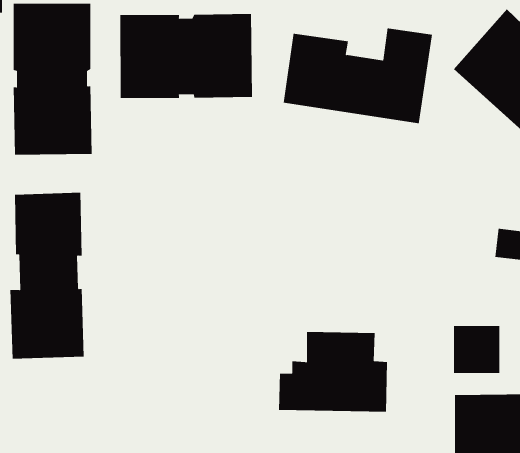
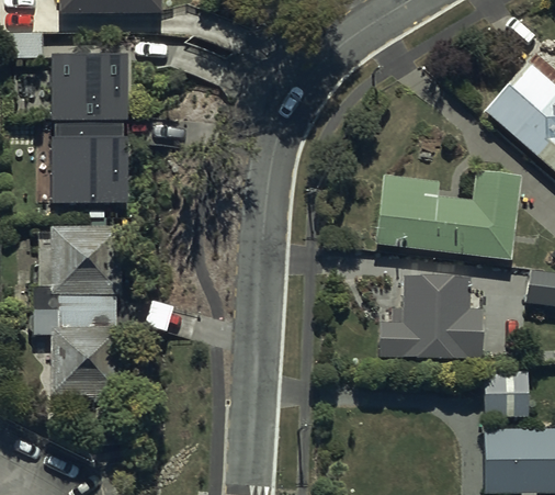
building: [120,13,253,99] -> none
building: [283,28,433,124] -> [374,170,521,265]
building: [278,332,388,412] -> [374,280,482,359]

